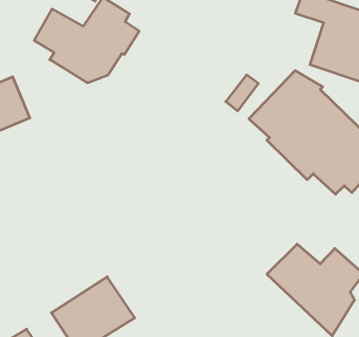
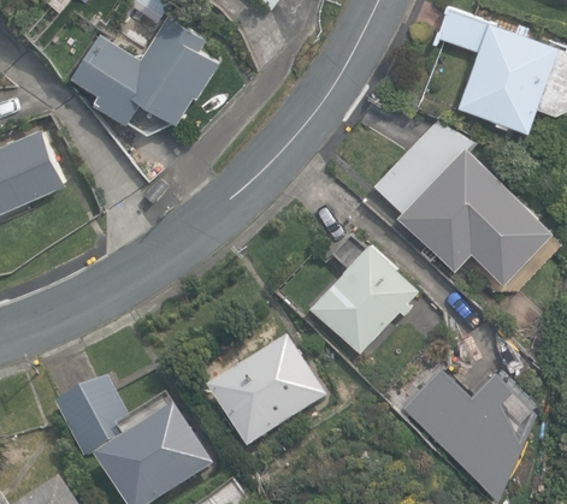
building: none -> [311,242,420,352]
building: none -> [208,340,324,449]
building: none -> [53,378,132,458]

